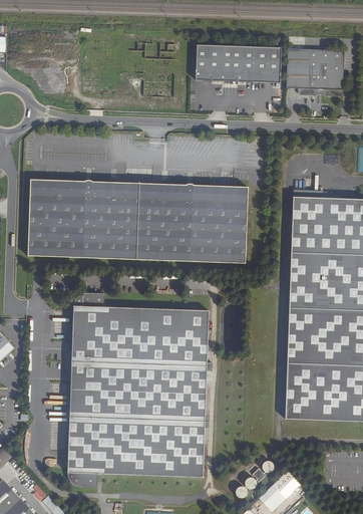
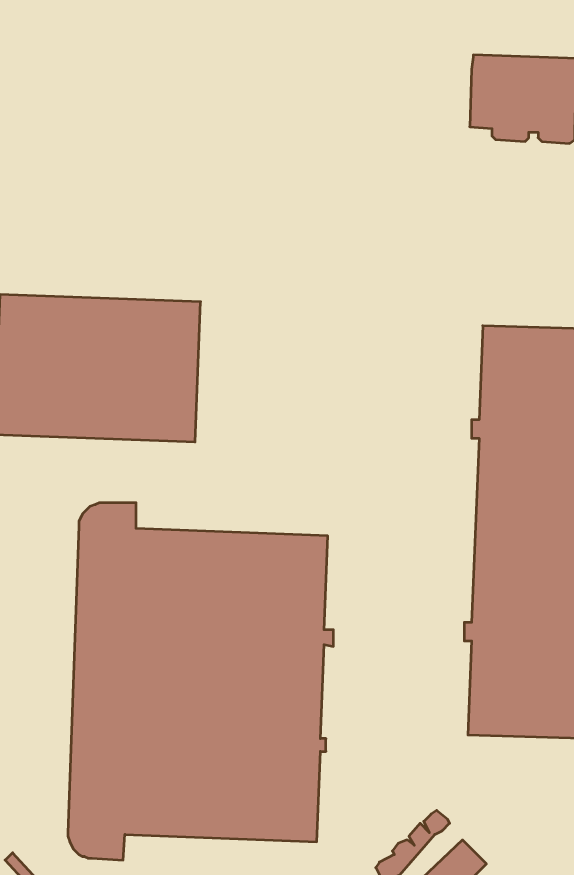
building: [196,44,281,83] -> none
building: [136,183,248,263] -> none

